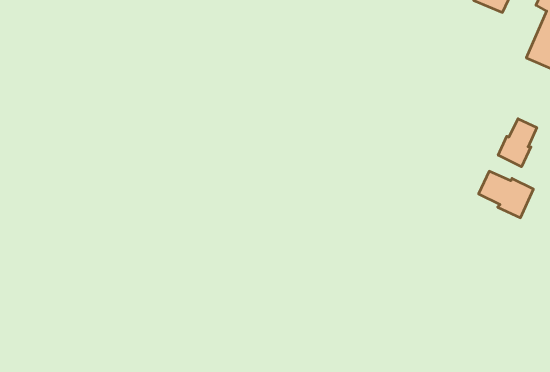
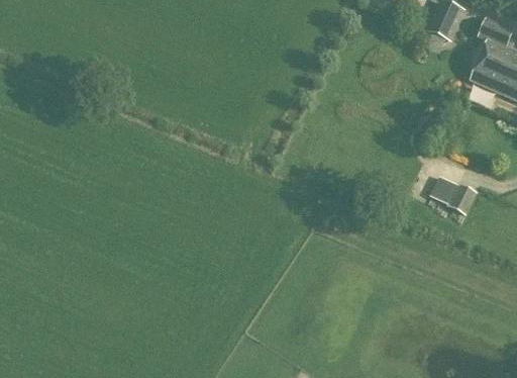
building: [498,119,537,167] -> none

